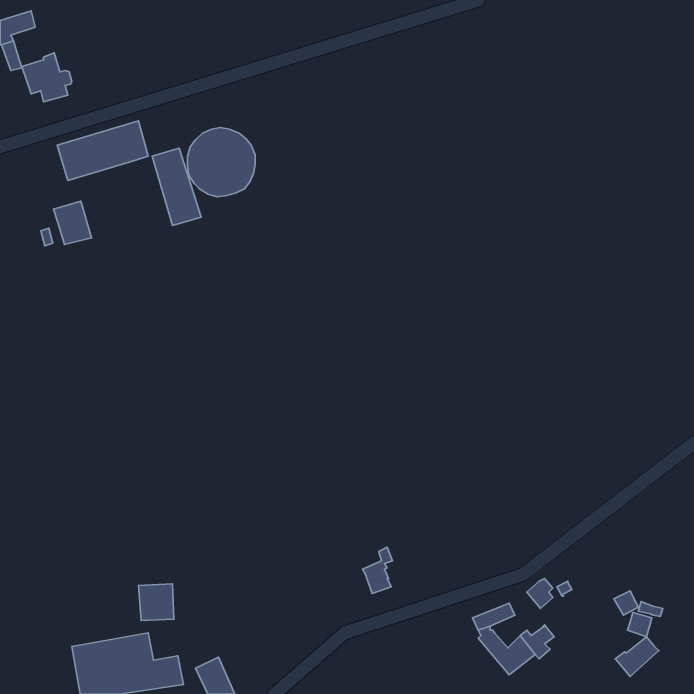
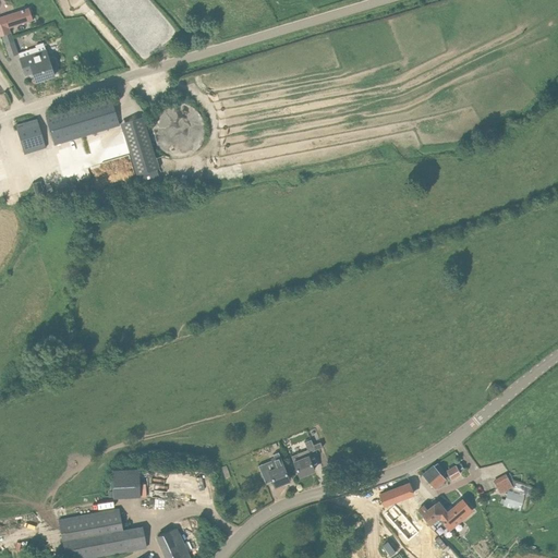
building: [54,201,92,244] -> [15,119,46,154]
building: none -> [258,451,289,488]
building: [615,637,659,676] -> [437,499,472,531]

